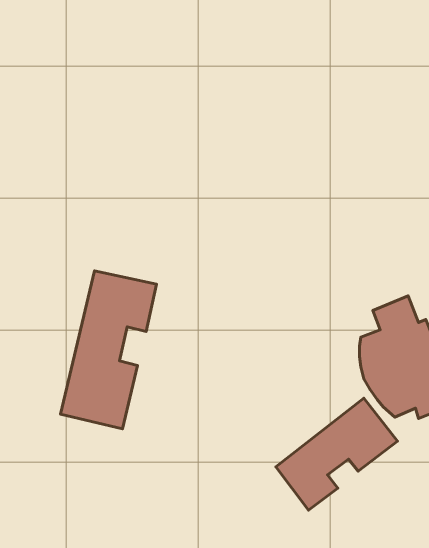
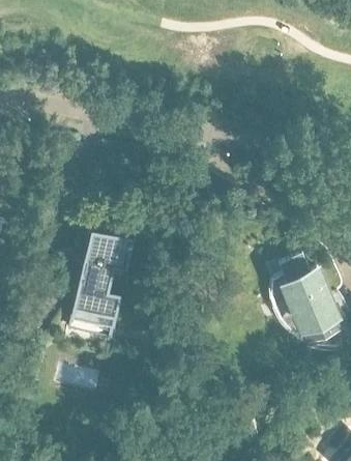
building: [276,398,397,510] -> none

